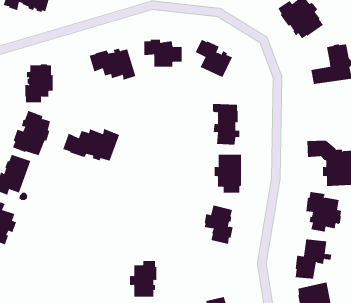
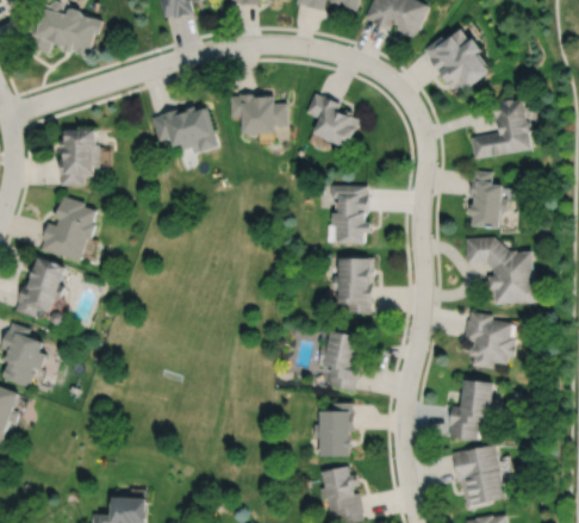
building: none -> [468,172,508,230]
building: [63,128,120,162] -> none
building: [129,261,157,297] -> [312,401,353,454]

